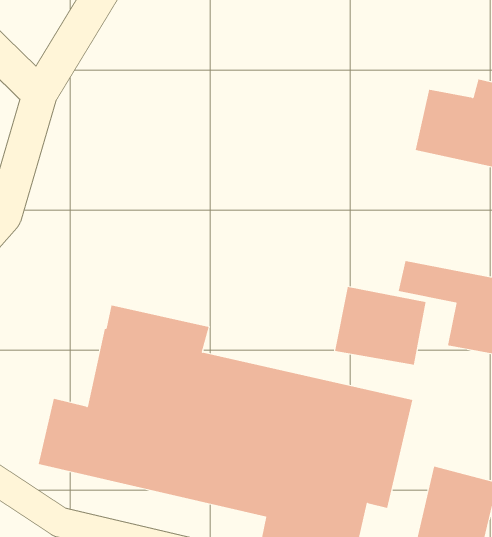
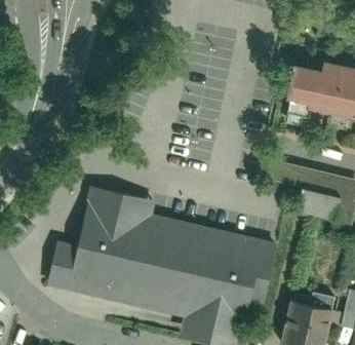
building: [335,286,426,365] -> none

